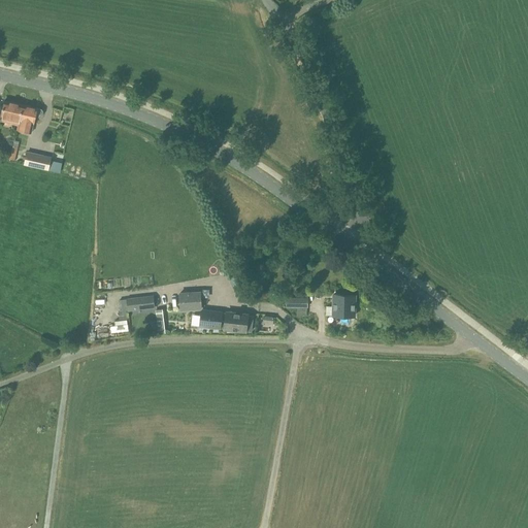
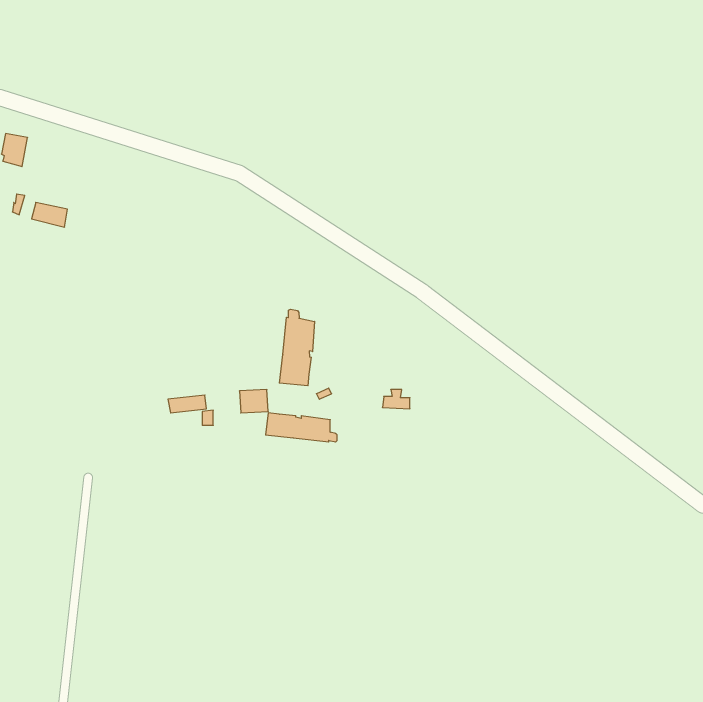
building: [16,103,43,128] -> none
building: none -> [279,309,315,386]
building: [333,294,355,316] -> none

